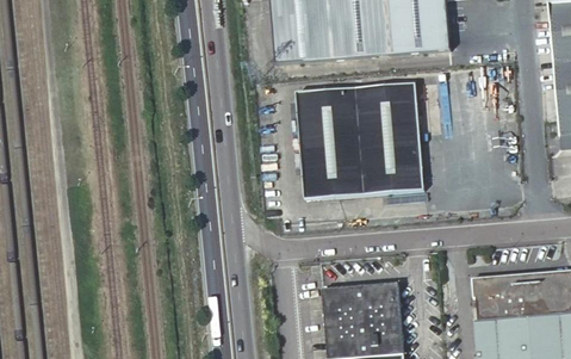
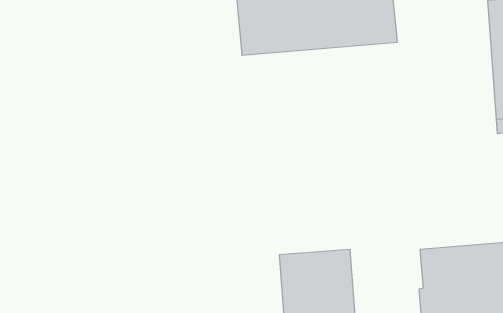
building: [298,85,424,199] -> none

